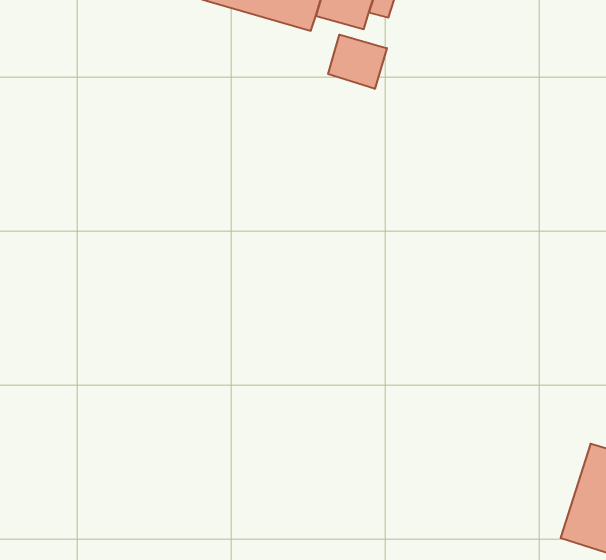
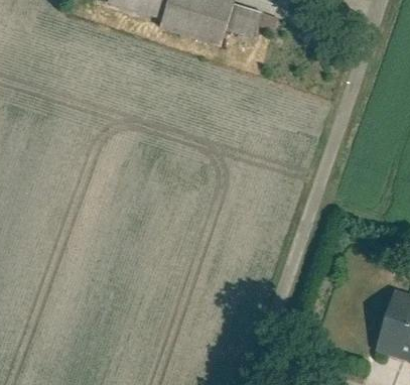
building: [328,35,387,89] -> none

